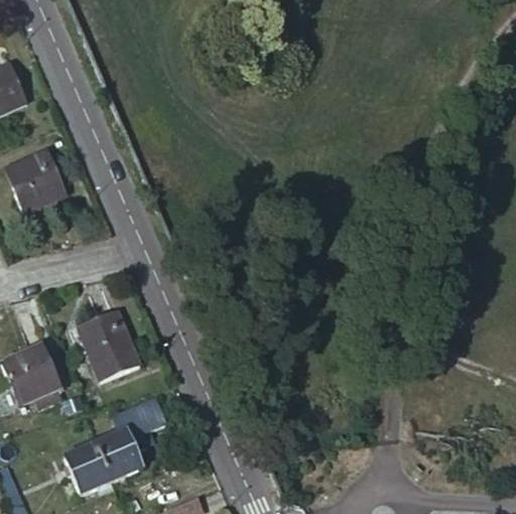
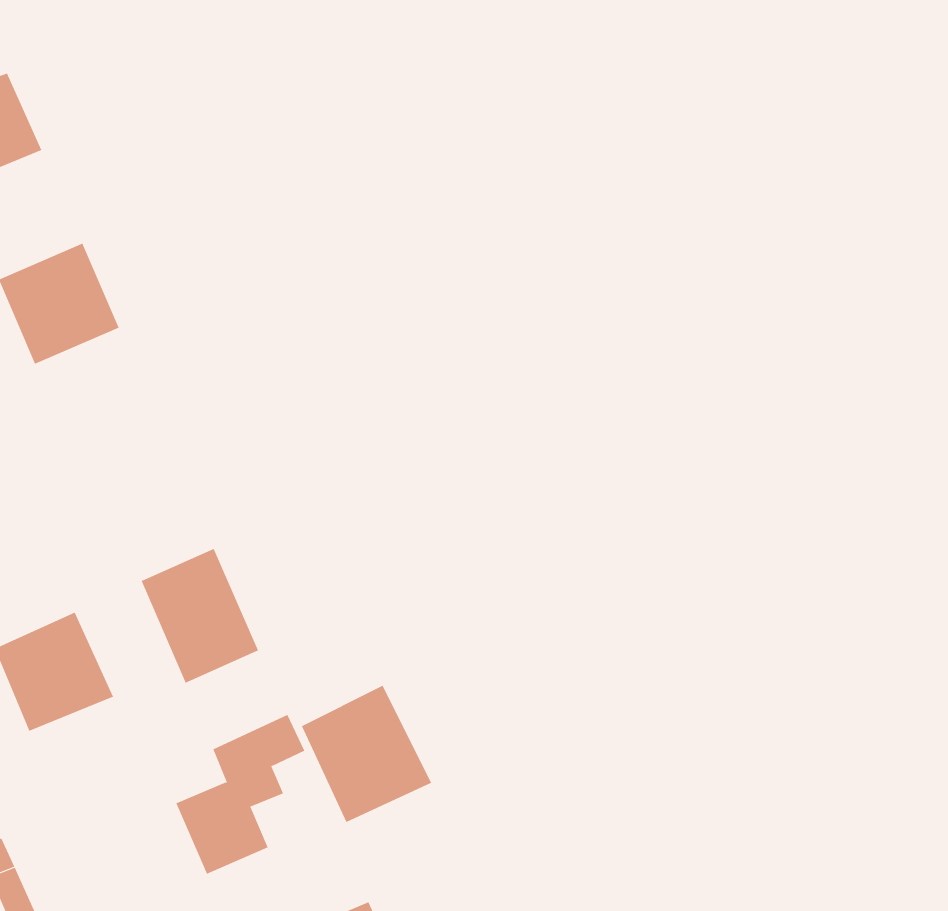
building: none -> [301,685,432,823]
building: [64,442,112,494] -> none

